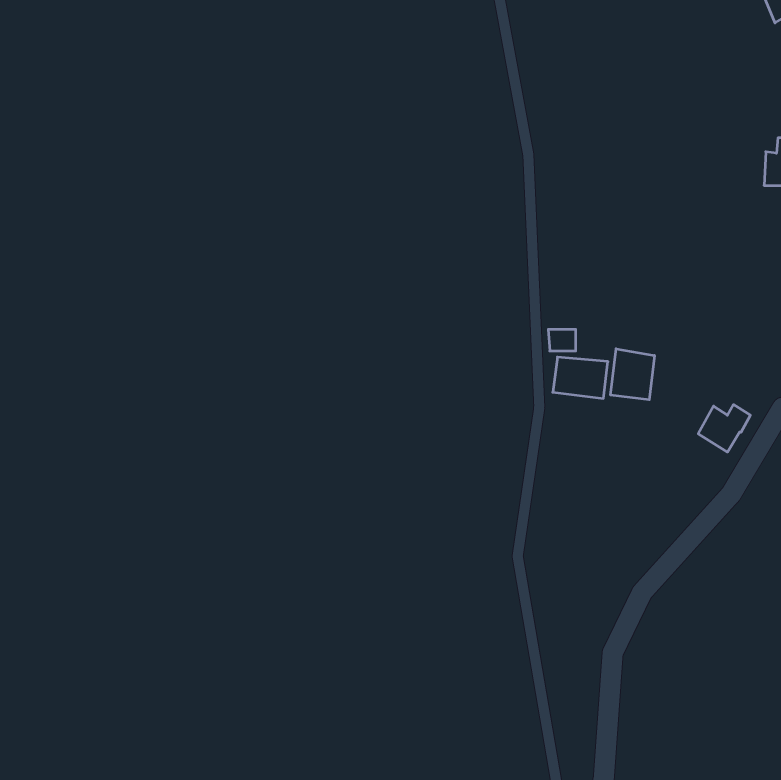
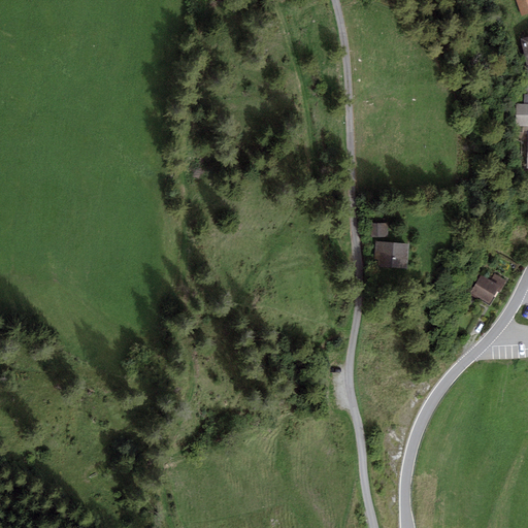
building: [611,349,654,400] -> none

